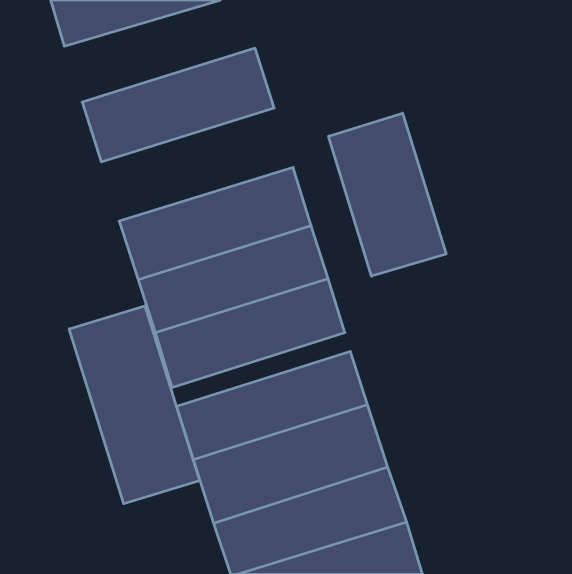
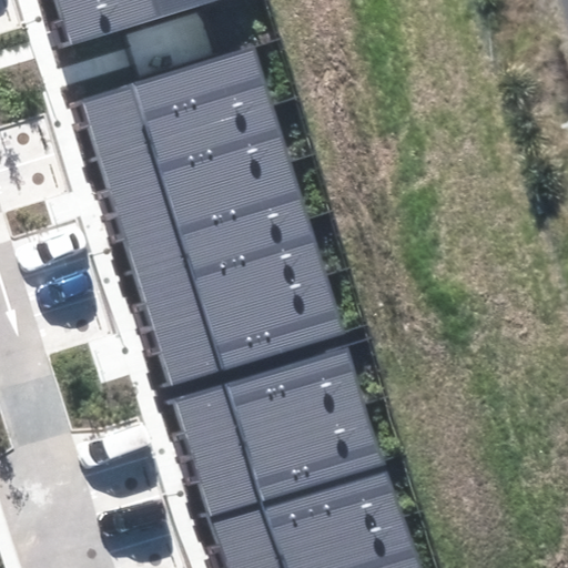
building: none -> [100,106,290,219]
building: [329,113,446,276] -> none
building: [69,306,200,504] -> none

